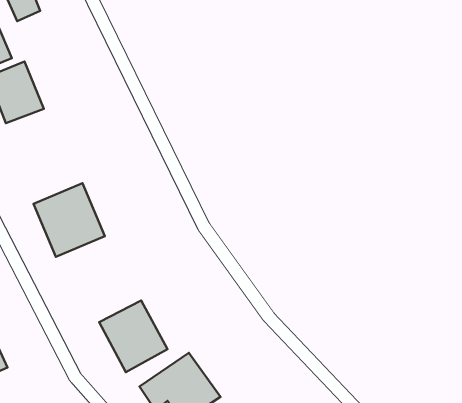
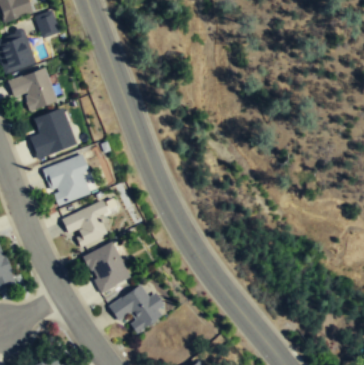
building: none -> [30,107,77,159]
building: none -> [62,202,107,246]

